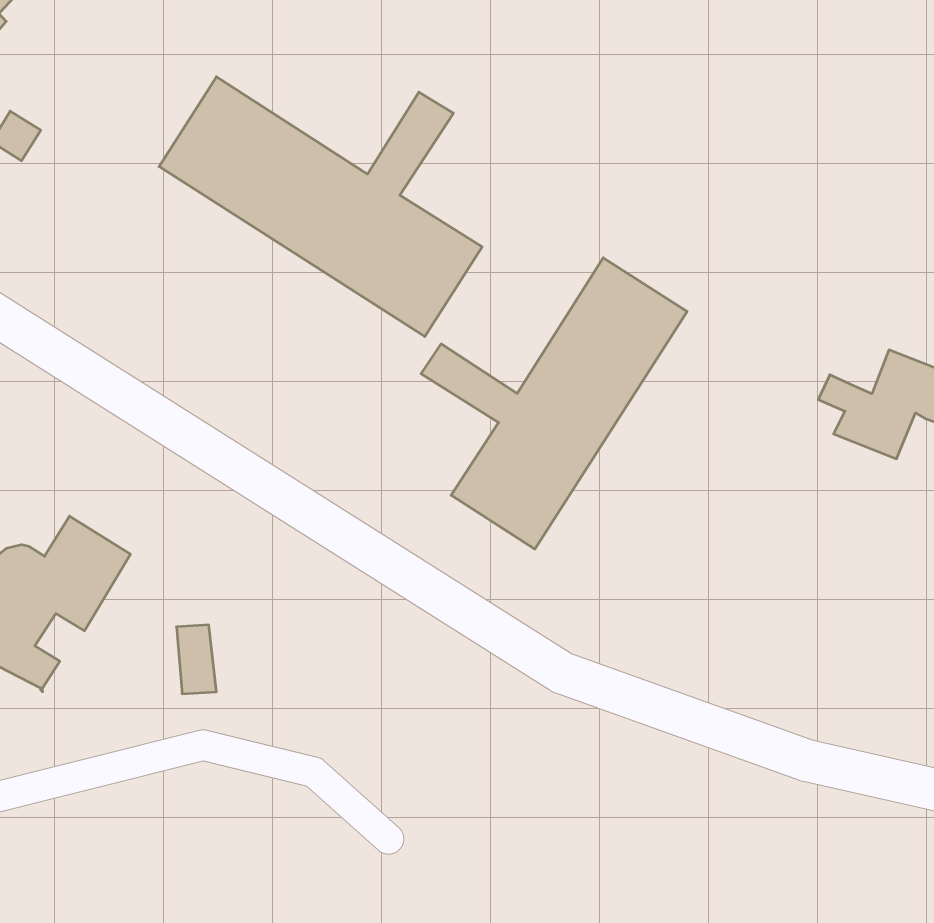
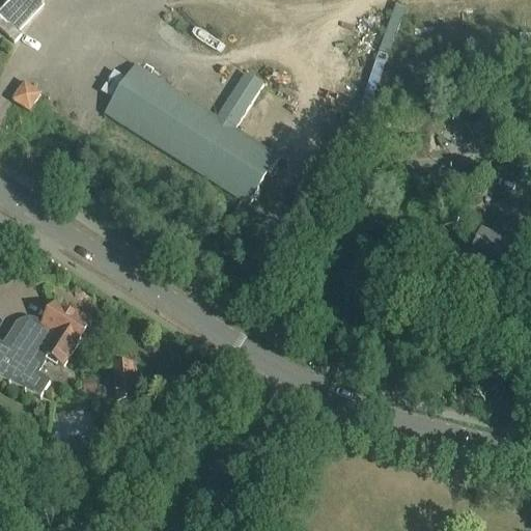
building: [421,258,687,549] -> none

